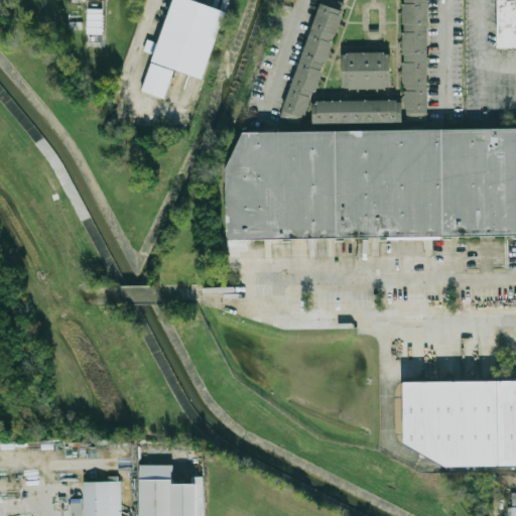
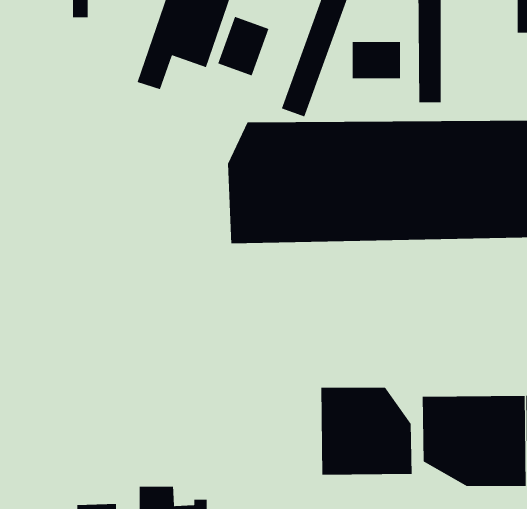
building: none -> [217,16,270,77]
building: [313,101,399,126] -> none
building: none -> [321,387,413,475]

